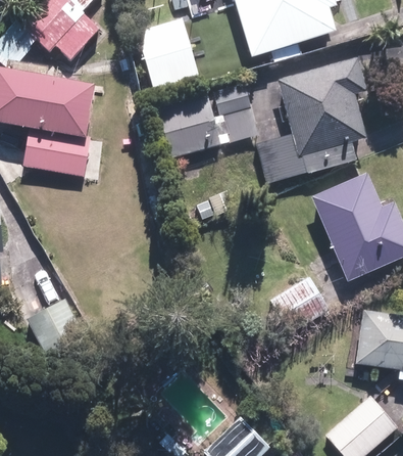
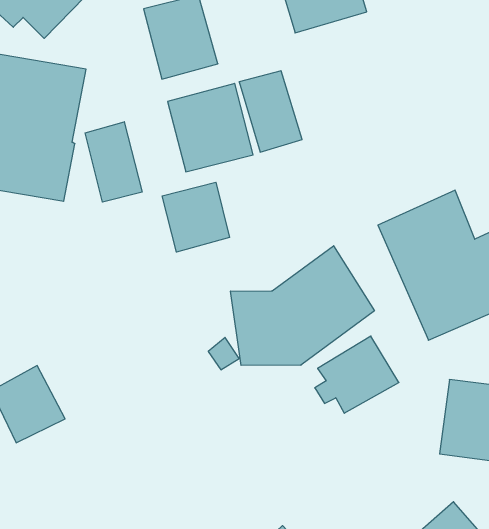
building: [255,56,369,182] -> none
building: none -> [85,122,142,202]
building: none -> [162,182,230,252]
building: none -> [231,246,374,365]

